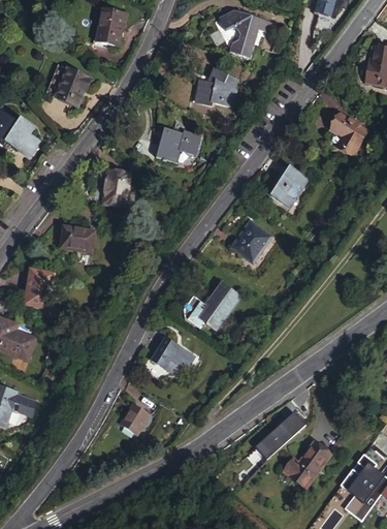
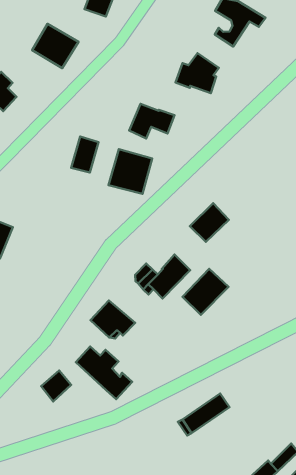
building: [273,160,312,205] -> none
building: none -> [108,149,152,194]
building: [64,227,97,254] -> none
building: none -> [183,269,228,315]
building: none -> [76,347,132,399]
building: [283,440,329,486] -> none

